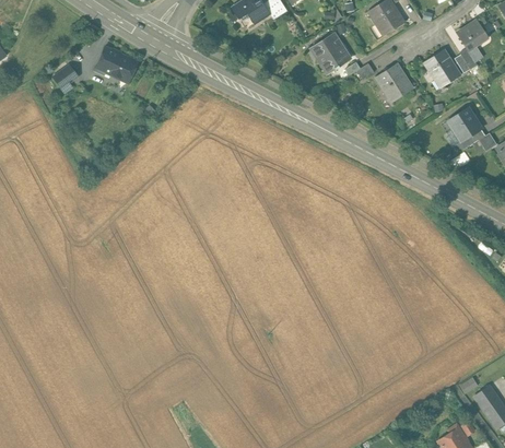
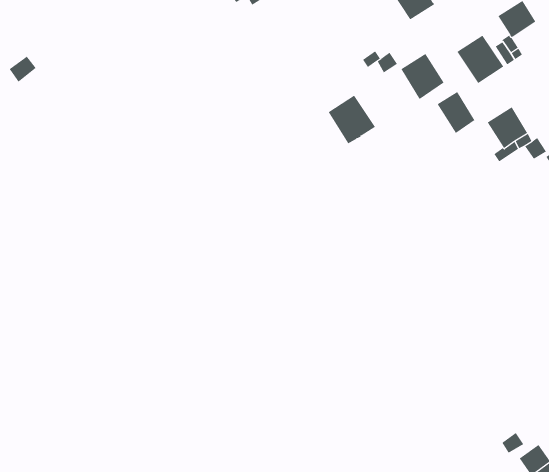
building: [310,33,350,73] -> [328,95,376,144]
building: [94,47,138,82] -> none
building: none -> [437,91,475,134]

